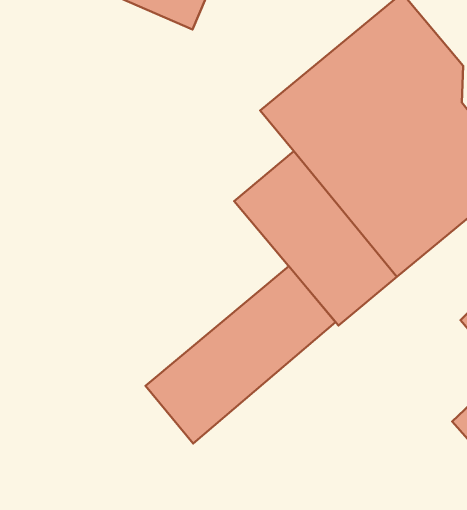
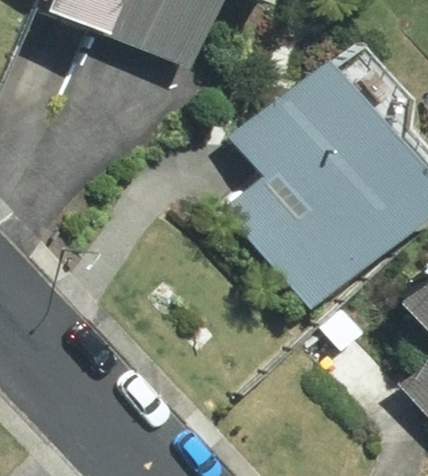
building: [145,266,336,443] -> none

